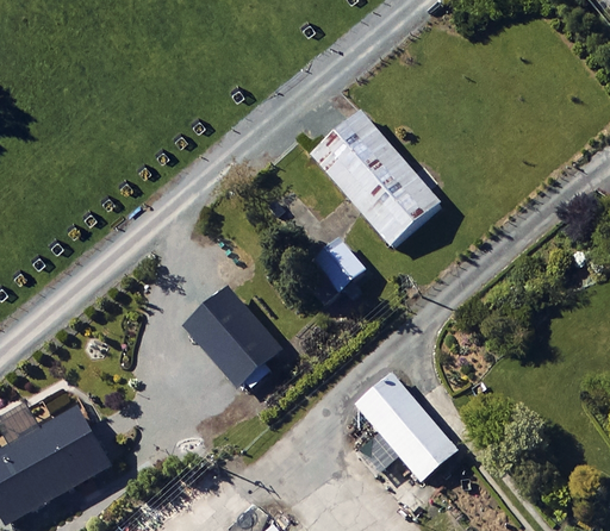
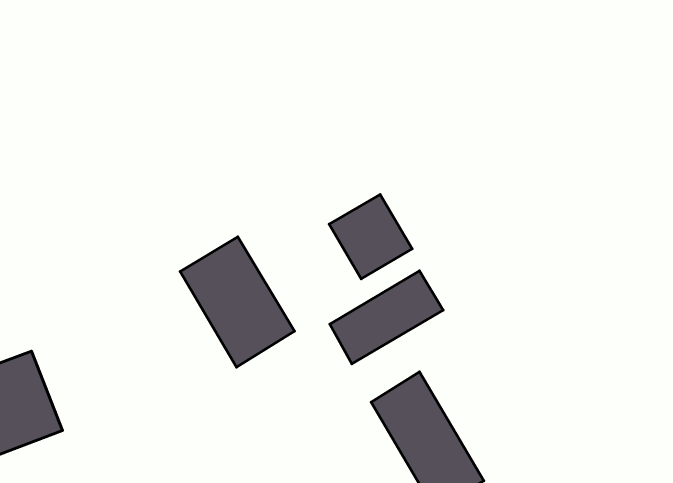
building: [309,110,440,245] -> none
building: none -> [330,271,443,364]

